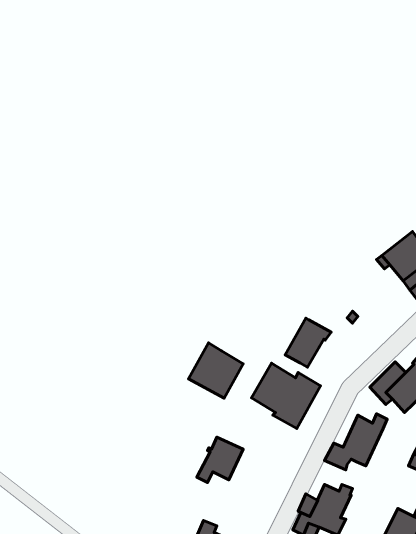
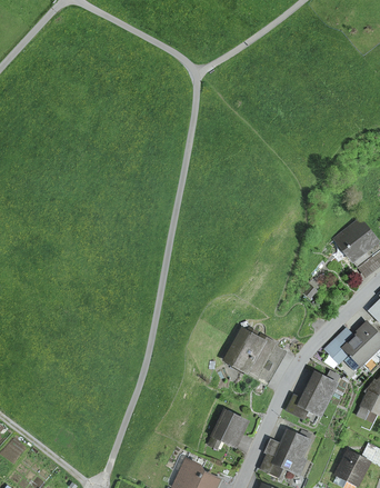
building: [285,318,331,367] -> none
building: [188,343,243,398] -> none
building: [197,437,243,482] -> [208,410,247,448]

